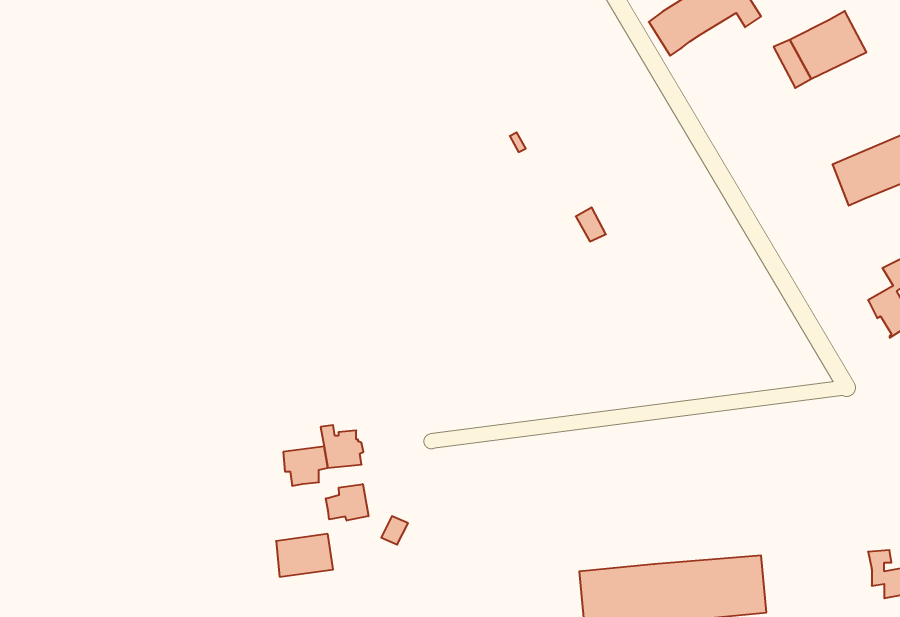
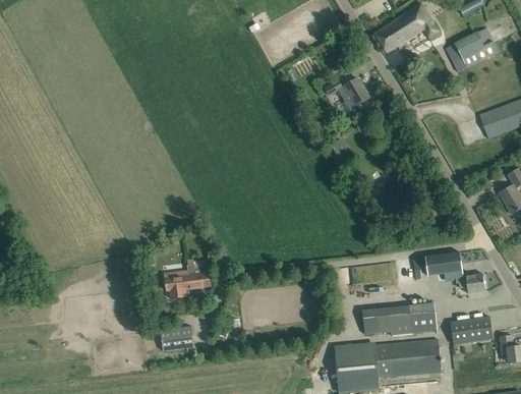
building: none -> [325,77,368,115]
building: none -> [412,251,484,293]
building: [326,484,368,521] -> none
building: none -> [363,302,436,334]
building: none -> [450,317,493,344]

